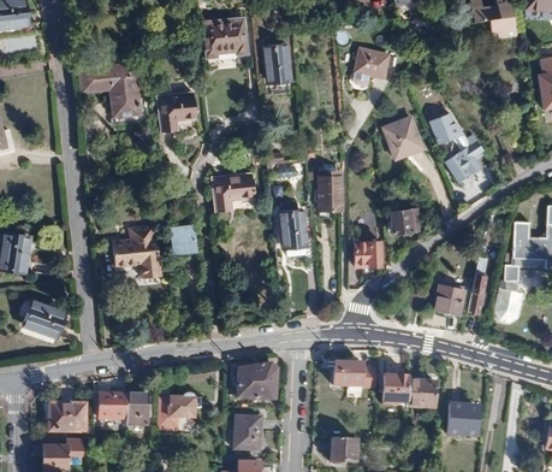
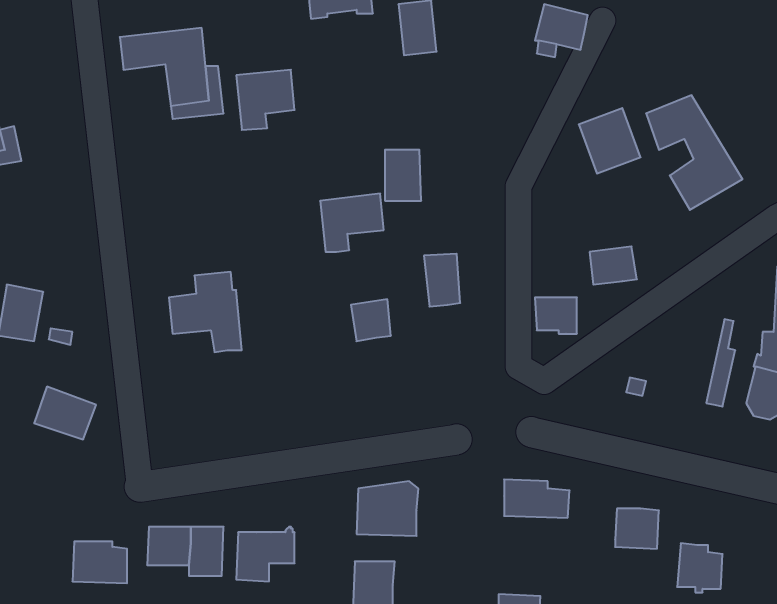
building: [319,177,343,211] -> [385,150,421,201]
building: [170,225,196,253] -> [351,299,391,341]
building: [434,284,465,314] -> none
building: [384,374,409,402] -> none

